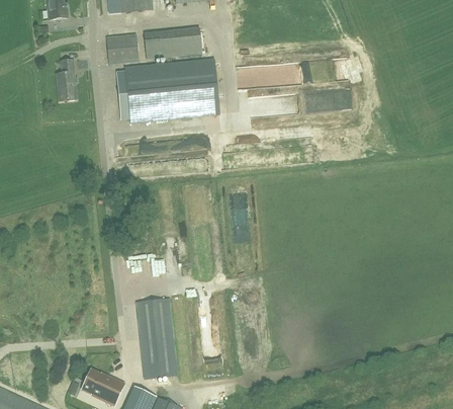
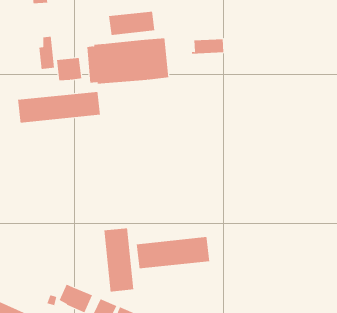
building: [106,33,139,63] -> [56,57,82,81]
building: none -> [18,91,100,123]
building: none -> [136,236,210,269]

